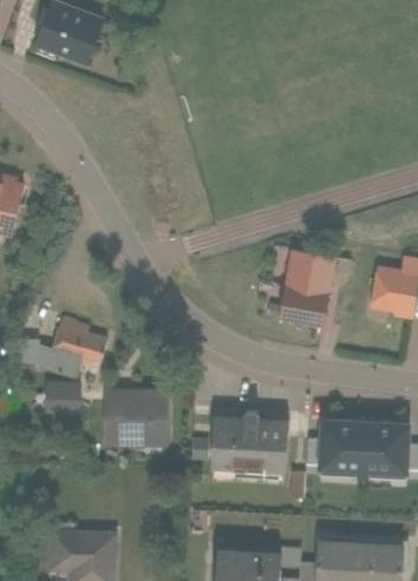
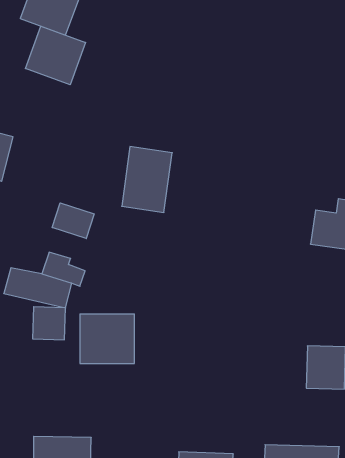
building: none -> [25,26,86,85]
building: [276,250,335,326] -> [122,147,172,212]
building: none -> [52,203,94,239]
building: [322,424,367,474] -> none
building: [210,425,287,486] -> none

